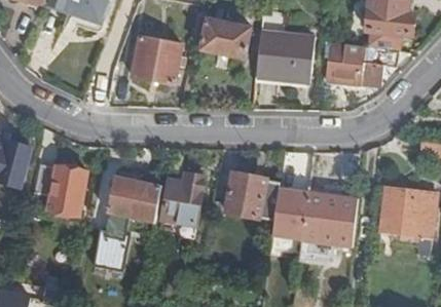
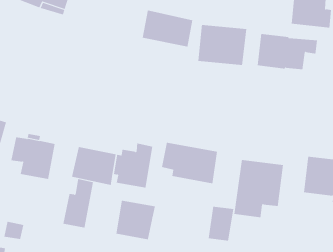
building: [133,36,185,84] -> none
building: [274,182,305,223] -> [208,206,234,241]
building: none -> [116,200,155,240]

